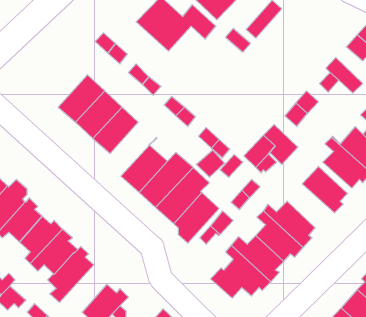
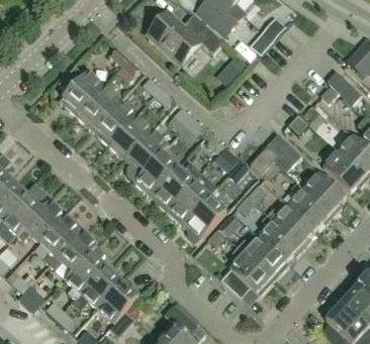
building: none -> [59,65,103,116]
building: none -> [124,130,168,181]
building: none -> [290,182,335,229]
building: none -> [77,263,121,308]

